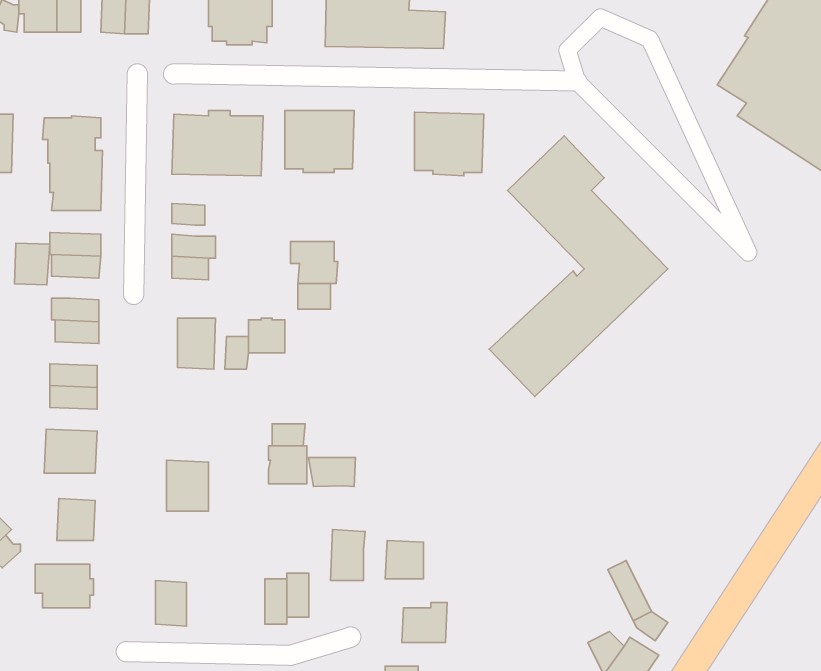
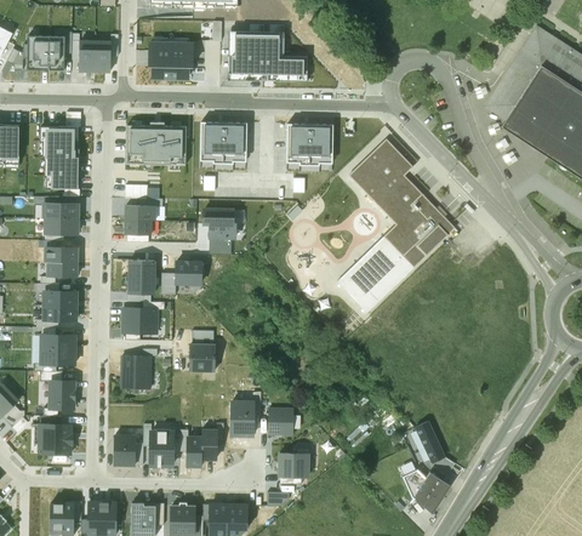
building: [15,243,50,285] -> none
building: none -> [121,308,156,333]
building: [309,458,356,487] -> none
building: none -> [150,432,172,466]

